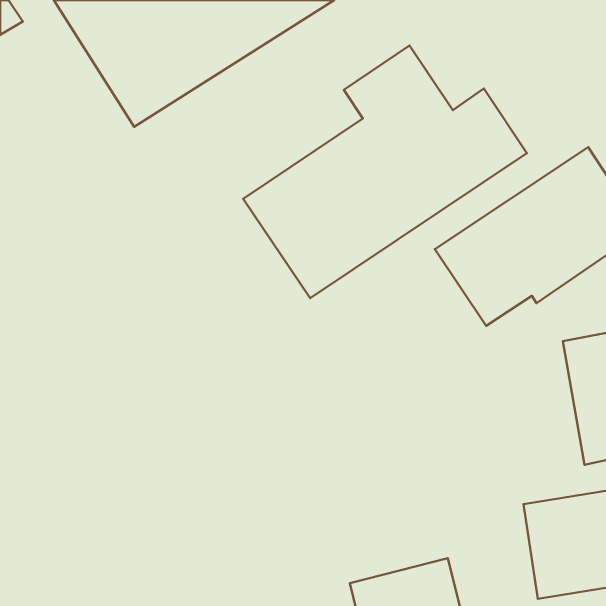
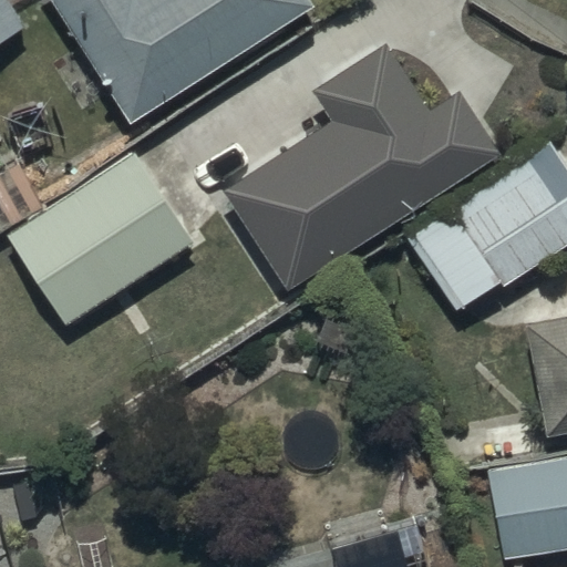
building: none -> [11,155,194,326]

